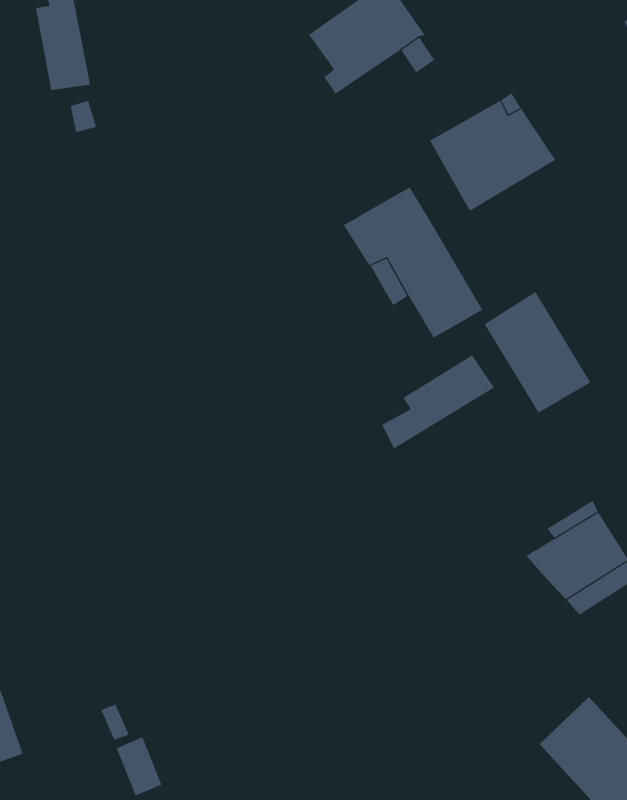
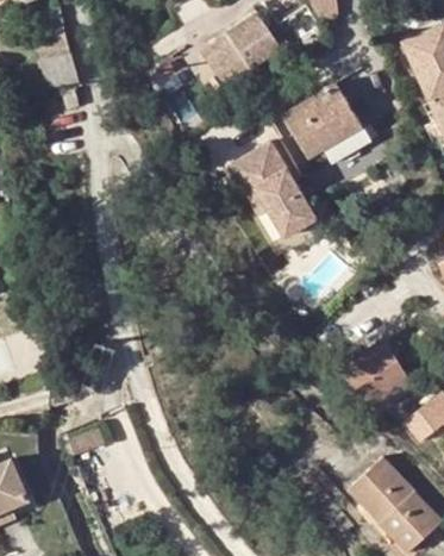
building: [484,291,591,413] -> none
building: [381,354,495,449] -> none

